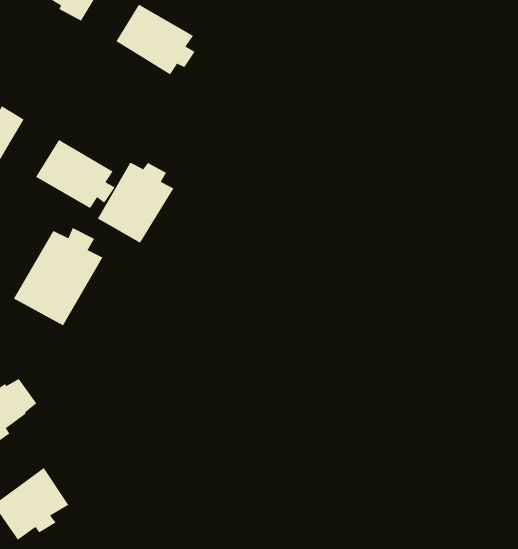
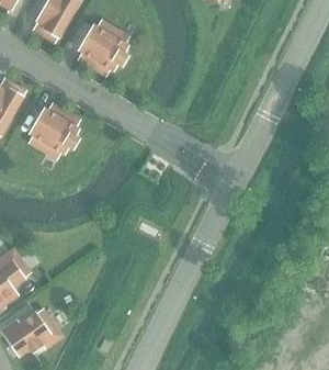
building: [97,162,174,243] -> none
building: [13,227,103,326] -> none

